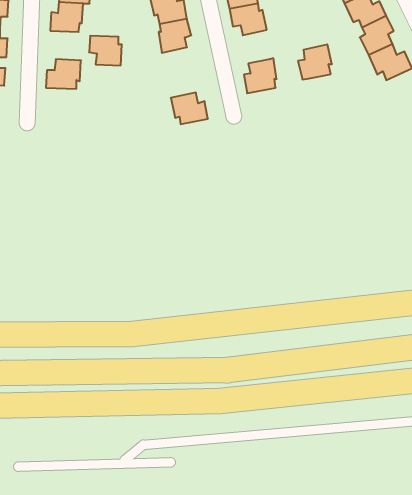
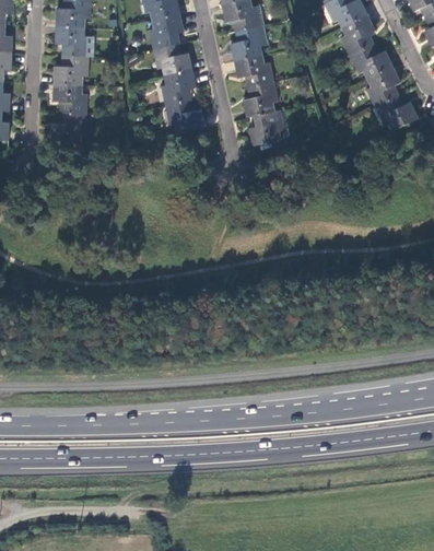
building: [89,36,122,65] -> [54,81,86,110]
building: [298,44,332,79] -> [242,80,275,115]
building: [171,93,208,124] -> [166,97,203,129]

